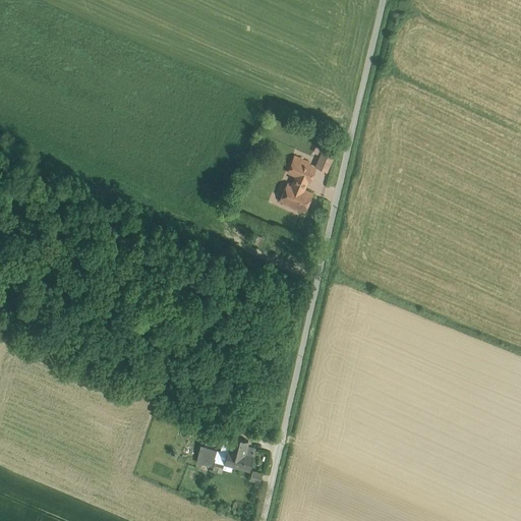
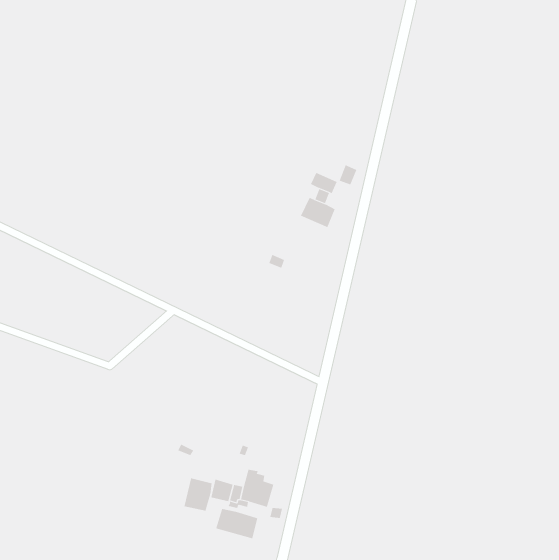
building: none -> [184,477,212,511]
building: none -> [215,508,258,539]

